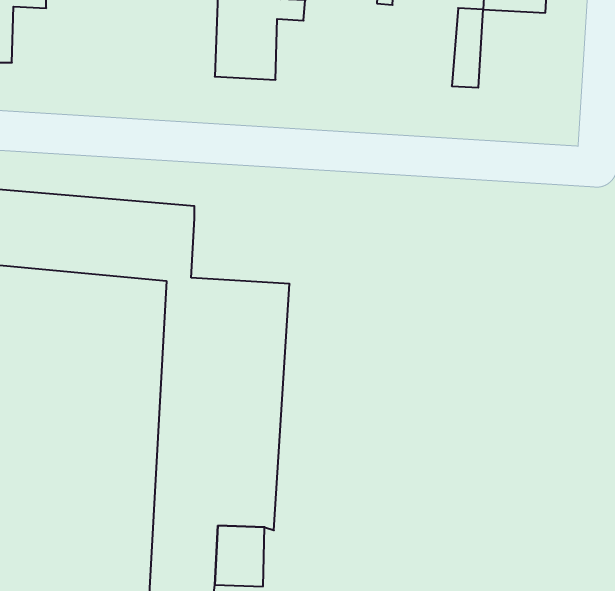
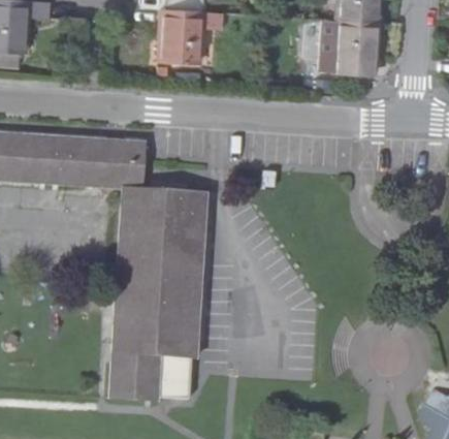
building: none -> [332,12,377,67]

